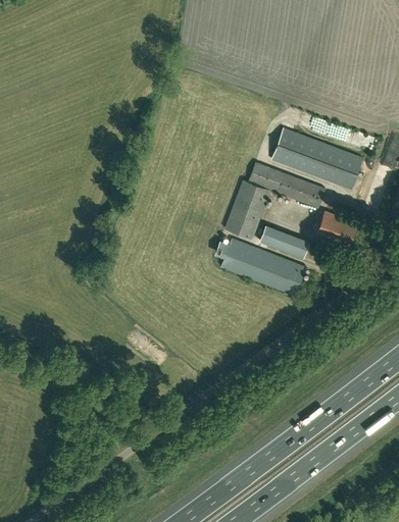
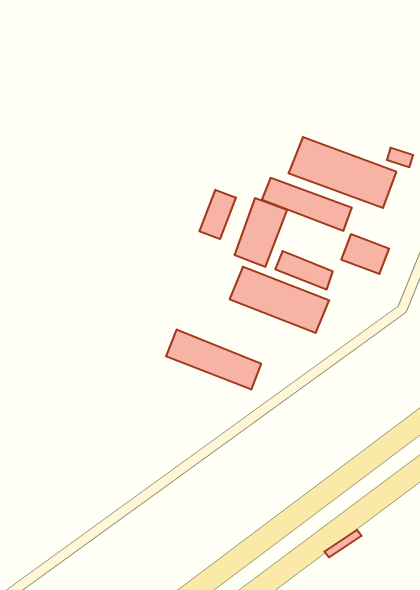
building: none -> [199,190,236,239]
building: none -> [166,329,261,390]

